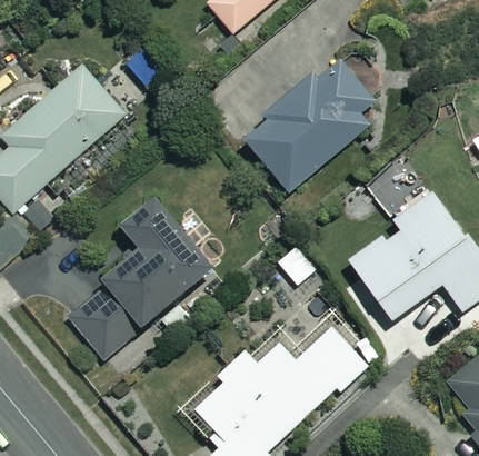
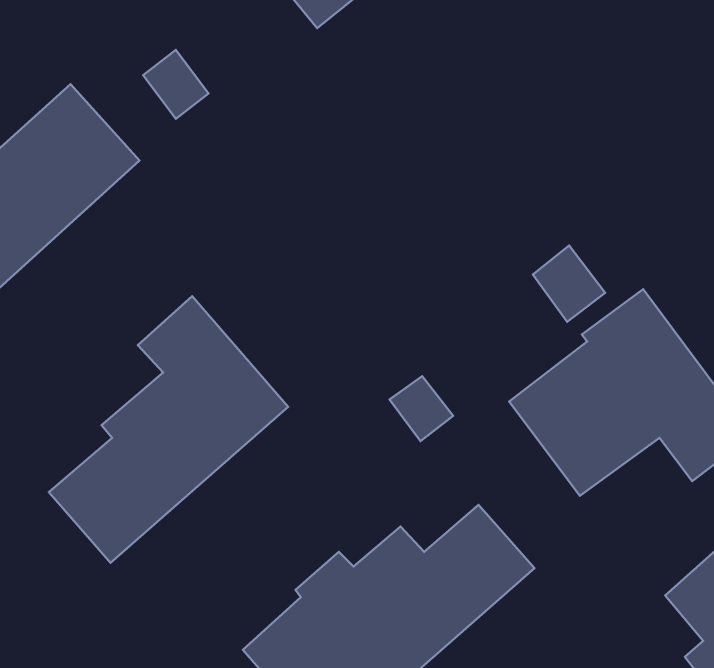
building: [246,56,373,190] -> none

